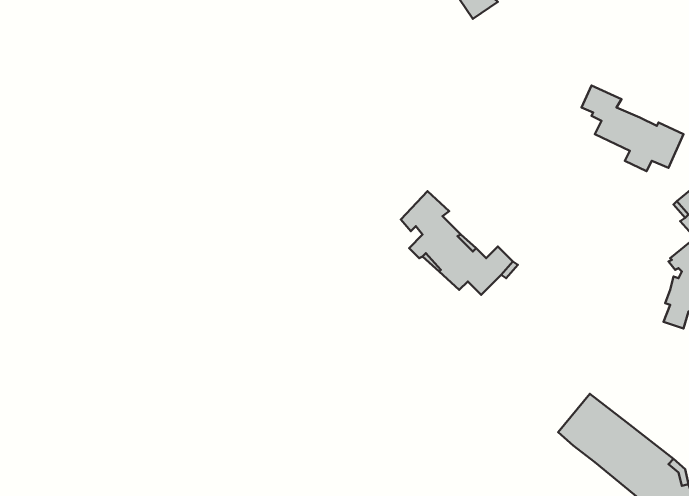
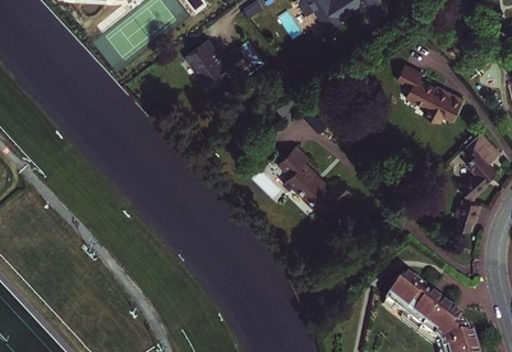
building: none -> [186,38,251,86]

